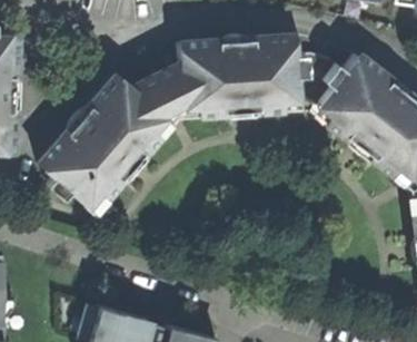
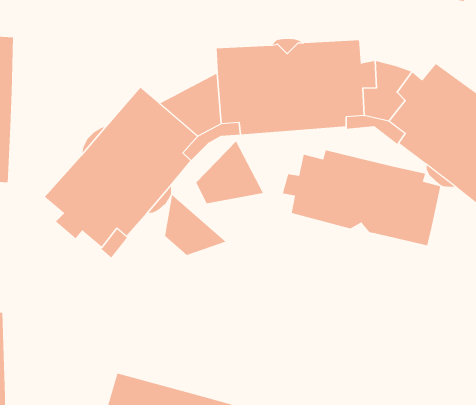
building: none -> [195,140,264,204]
building: none -> [282,149,441,246]
building: none -> [164,194,227,256]

